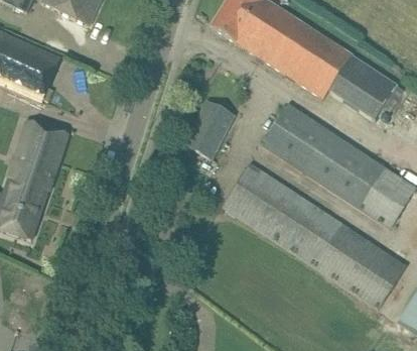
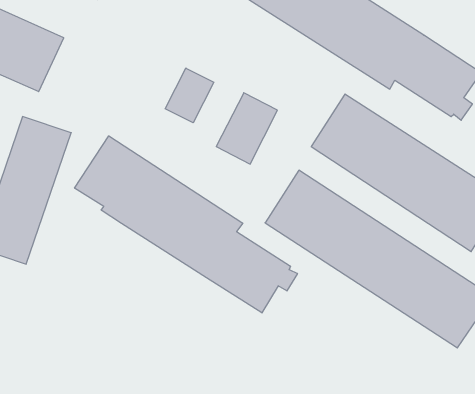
building: none -> [165,68,214,123]
building: none -> [75,136,297,313]

